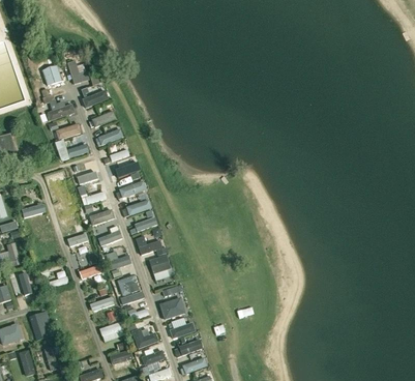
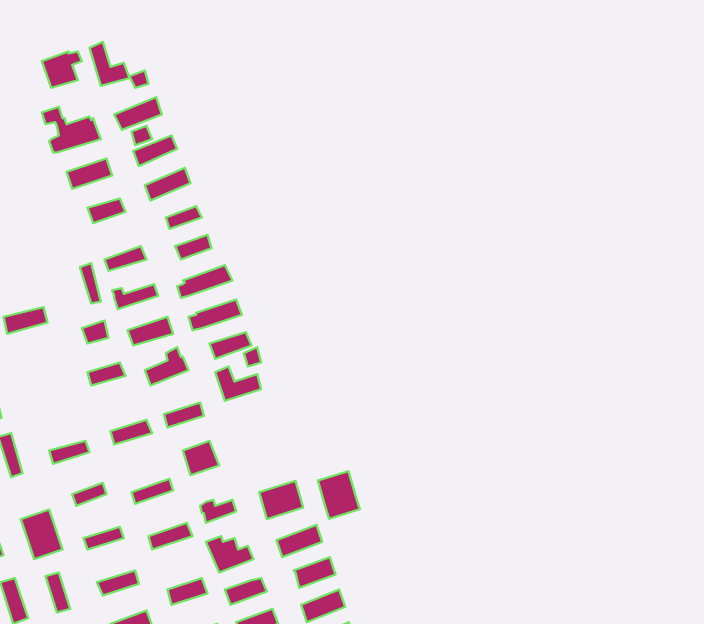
building: [148,255,171,281] -> [318,471,360,519]

